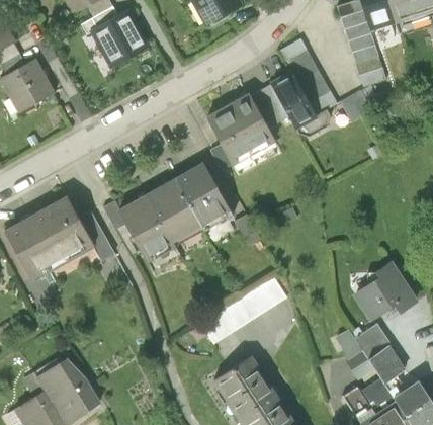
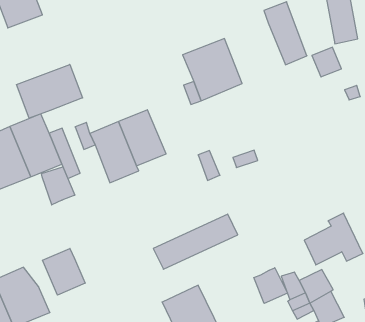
building: [269,74,314,130] -> none
building: none -> [16,64,83,118]
building: [175,165,232,230] -> none
building: none -> [41,167,75,205]
building: none -> [254,268,288,303]
building: none -> [42,248,85,295]

